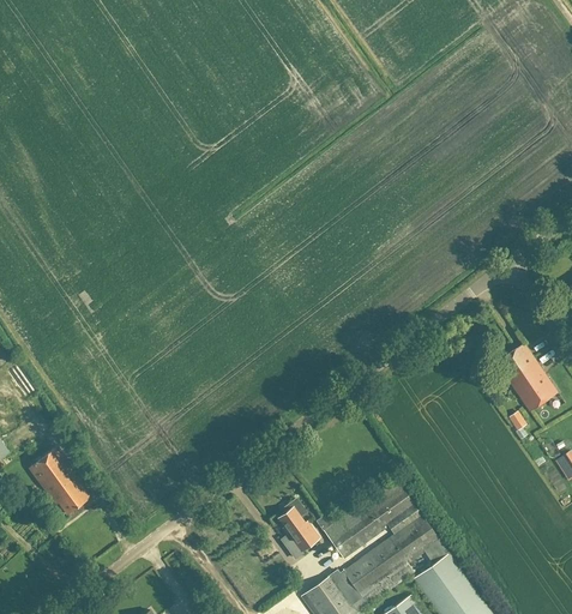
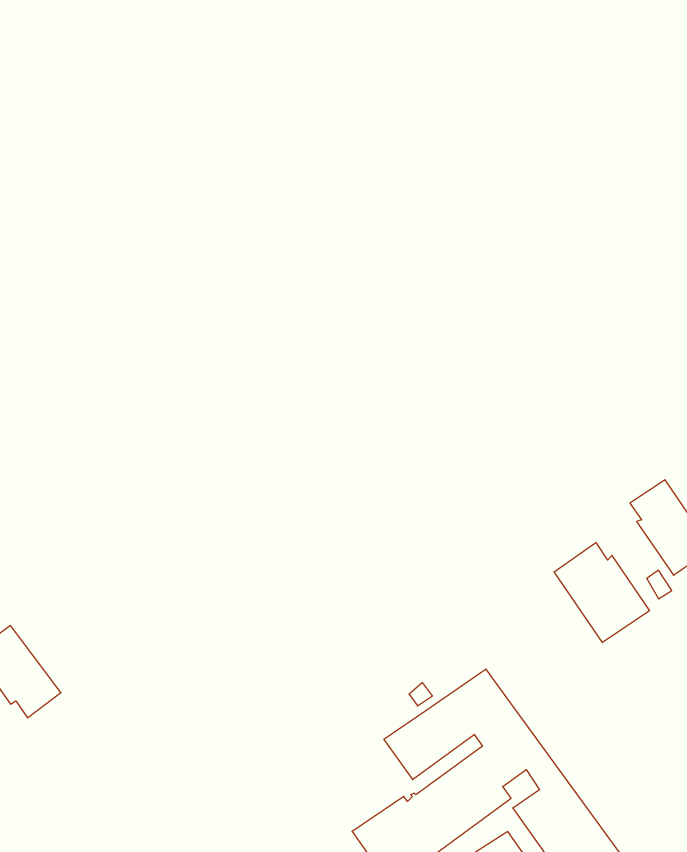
building: none -> [554,543,649,643]
building: [277,499,318,553] -> none

